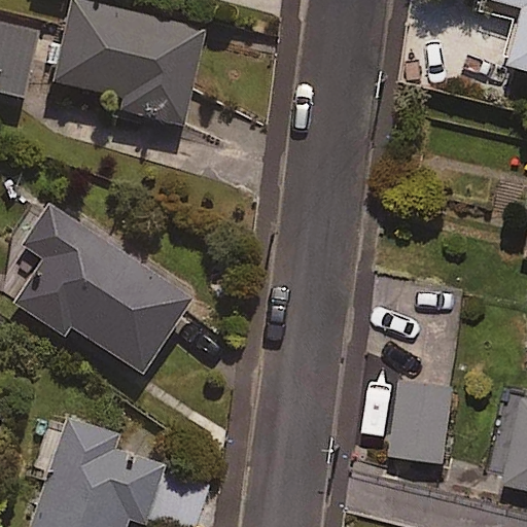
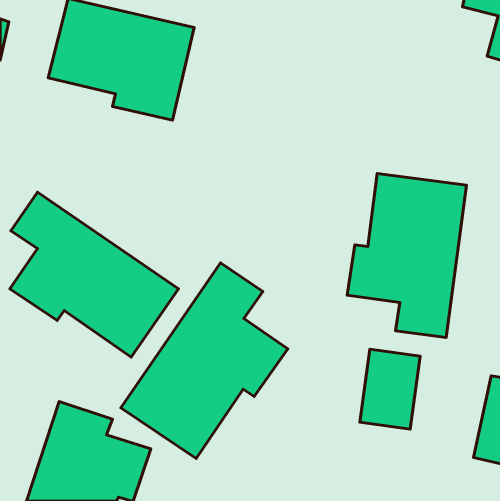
building: none -> [347,174,467,338]
building: none -> [121,263,288,459]

